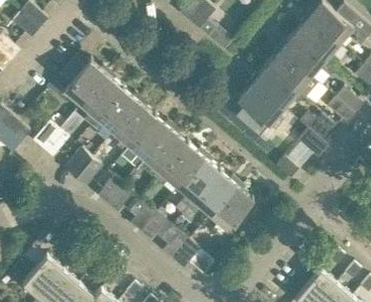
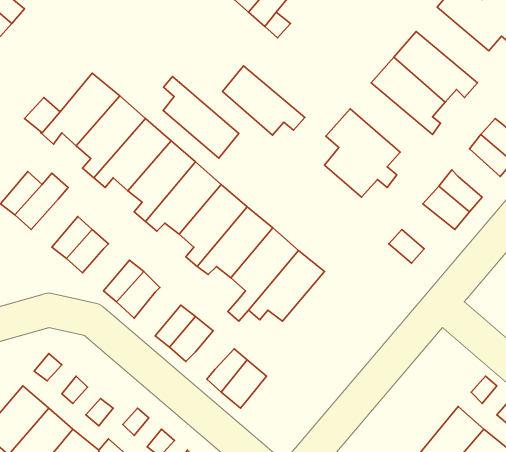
building: [293,17,339,65] -> none
building: none -> [163,77,239,158]
building: [252,65,303,108] -> [222,66,305,135]
building: [209,183,253,235] -> none

